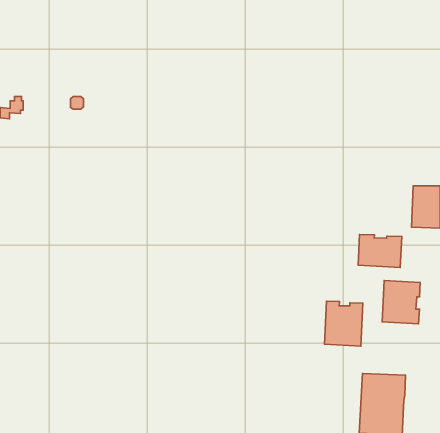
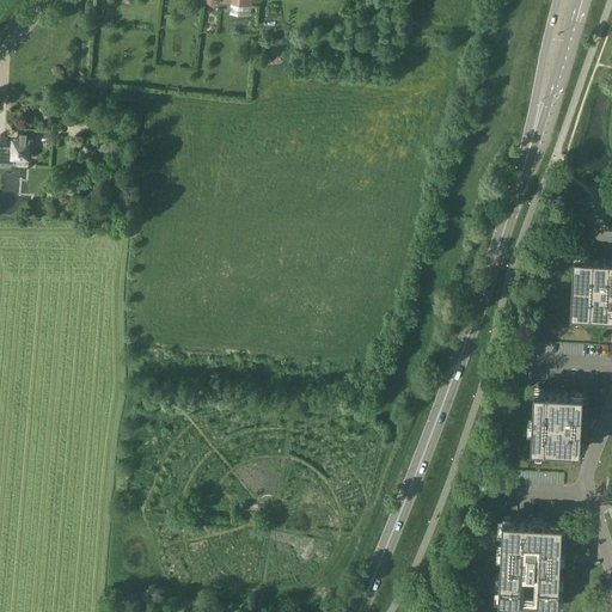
building: [358,234,402,267] -> none
building: [325,301,363,346] -> none

